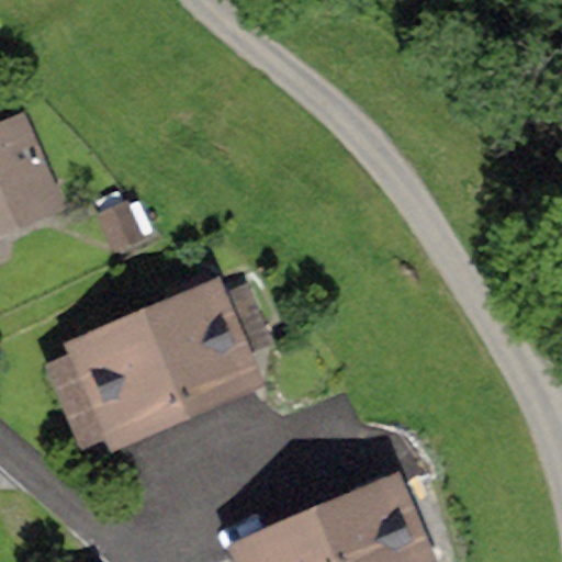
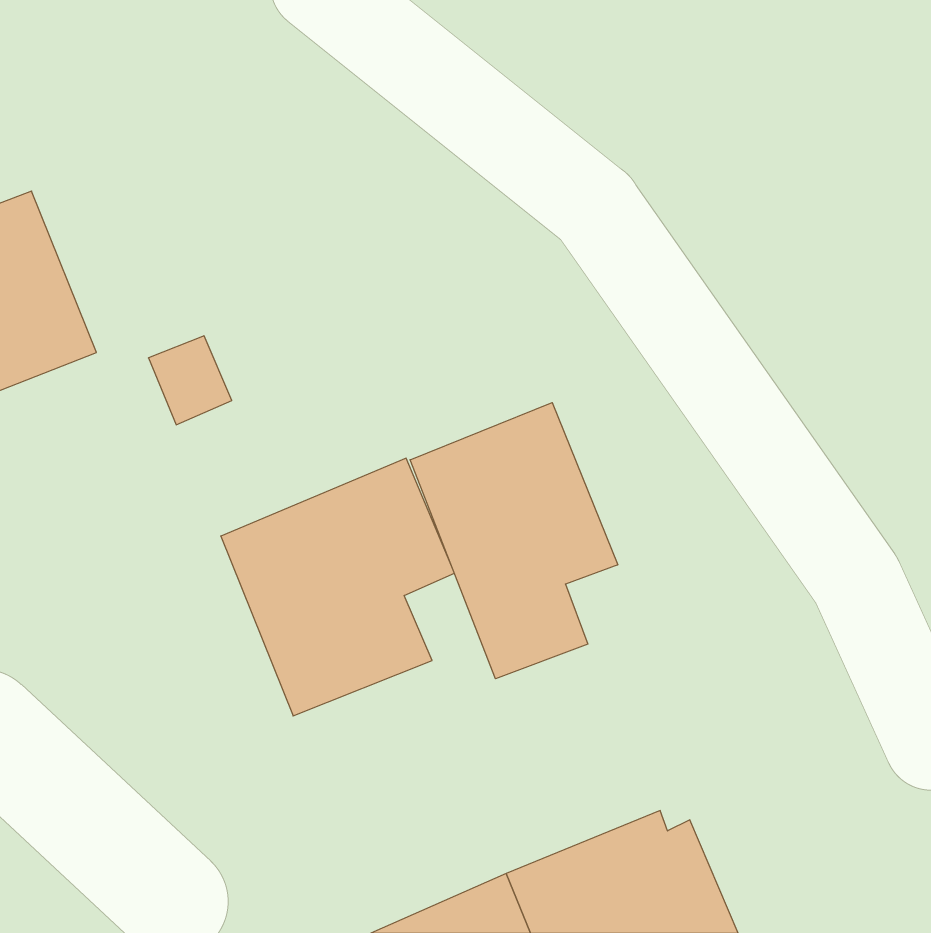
building: none -> [410,403,618,679]
building: [44,317,173,452] -> none

